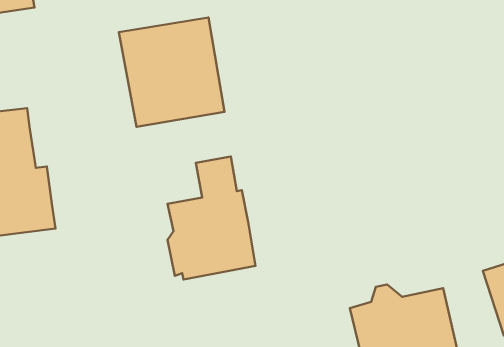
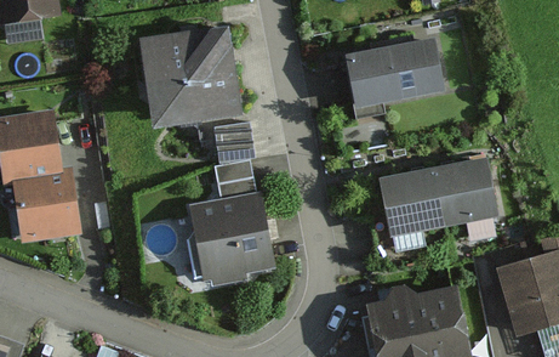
building: none -> [344,35,445,117]
building: none -> [213,118,253,160]
building: none -> [381,158,498,238]

